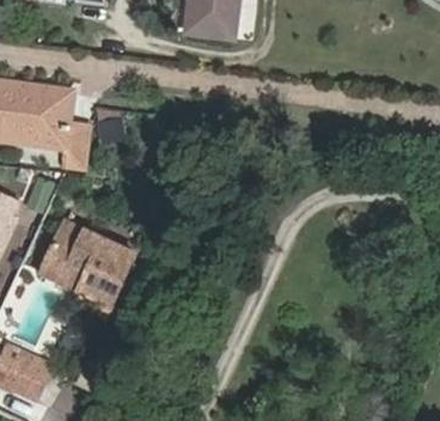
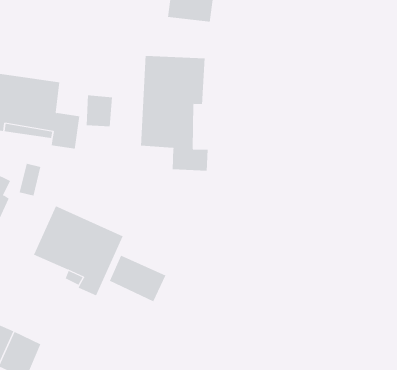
building: none -> [141,55,208,172]
building: none -> [109,255,166,302]

